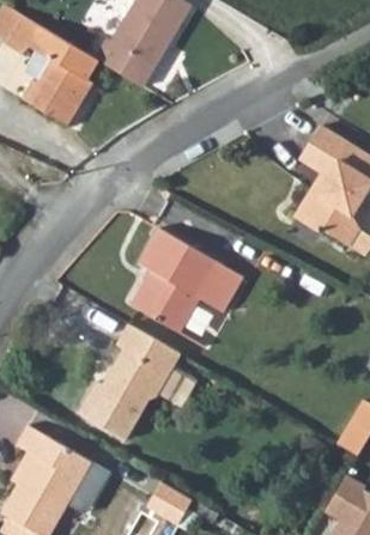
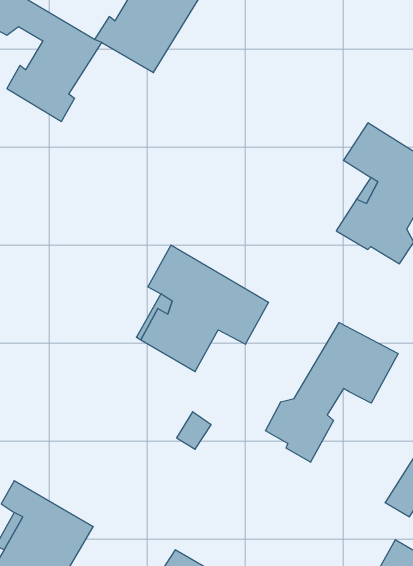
building: none -> [265,323,398,462]
building: [74,323,181,439] -> none

